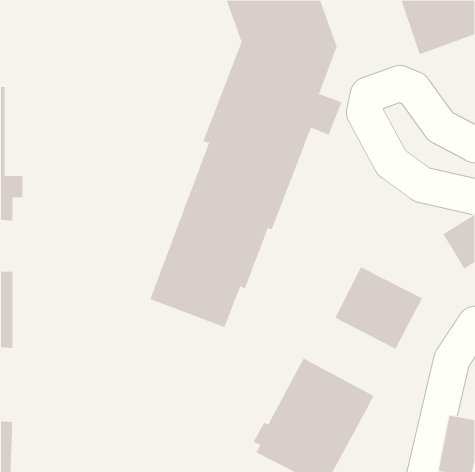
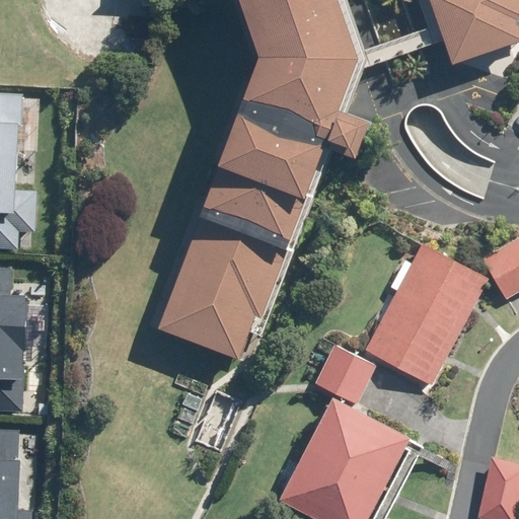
building: none -> [393,243,488,328]
building: none -> [315,345,375,403]

